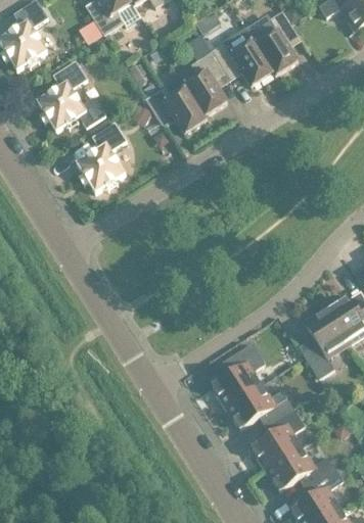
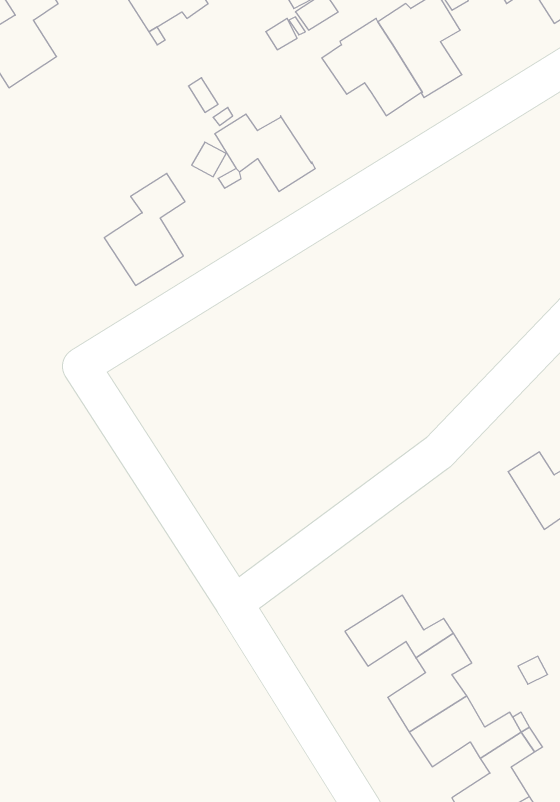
building: [183,37,226,116] -> none
building: [36,60,105,131] -> none
building: [302,307,349,379] -> none
building: [212,343,265,407] -> none

